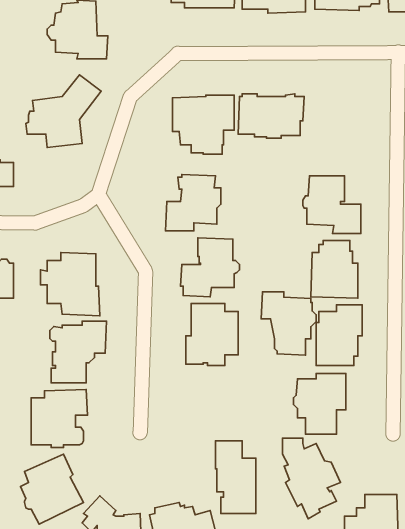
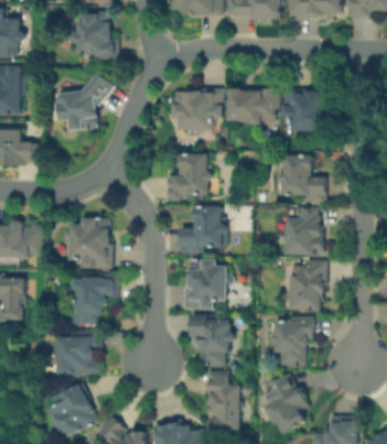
building: none -> [283,90,334,138]
building: [261,292,316,355] -> [189,314,234,366]

